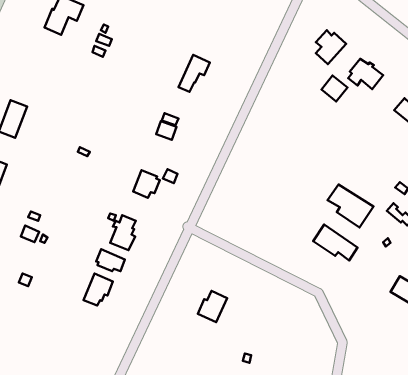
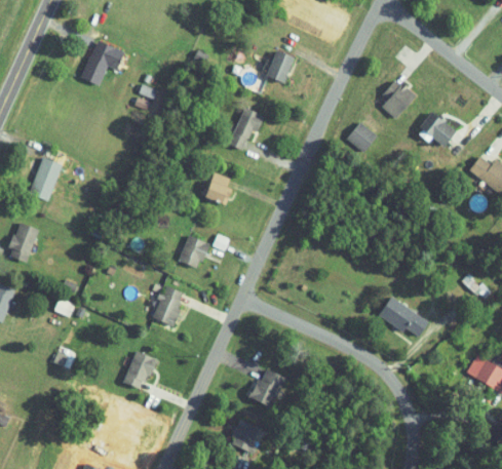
building: none -> [267,51,294,82]
building: [322,76,347,101] -> [347,122,376,151]
building: [327,184,373,227] -> none
building: [96,249,125,271] -> none
building: none -> [232,420,259,454]

